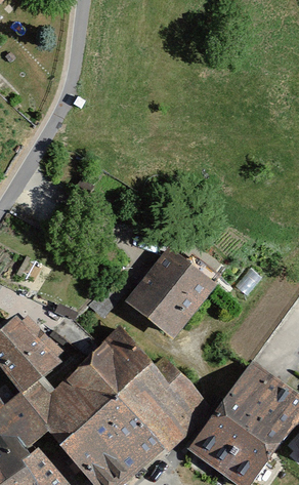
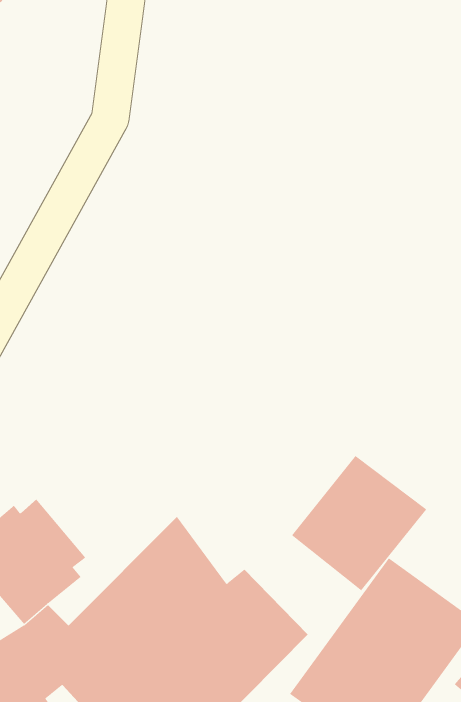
building: [130,247,217,334] -> [291,455,427,591]

